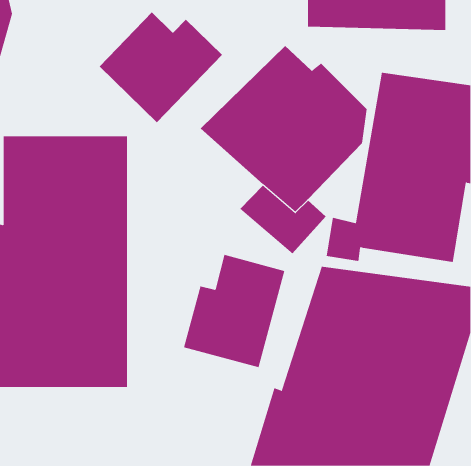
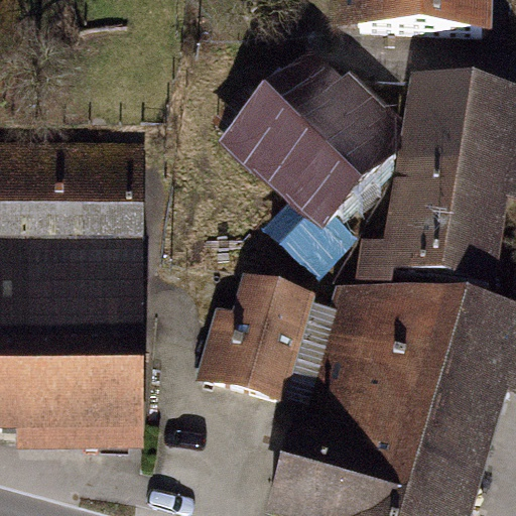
building: [99,12,223,123] -> none

